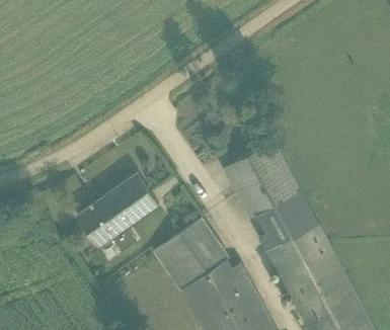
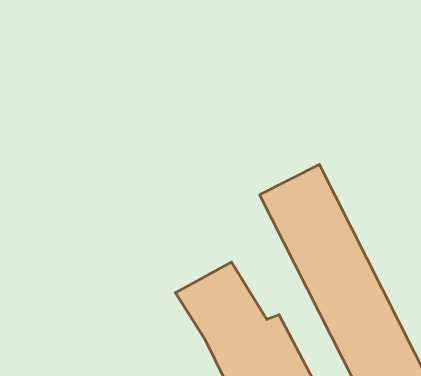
building: [80,168,164,243] -> none

